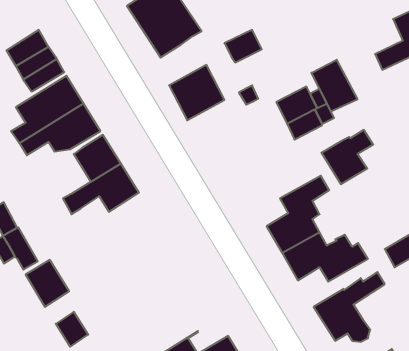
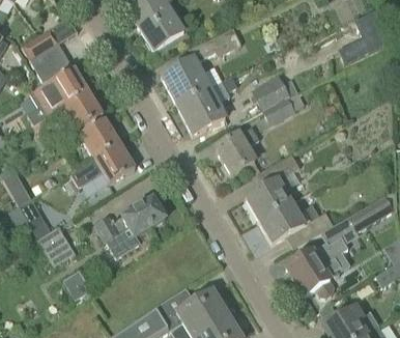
building: [311,60,357,112] -> none
building: none -> [177,87,225,135]
building: [321,130,373,184] -> [216,126,260,173]
building: none -> [96,195,166,258]

